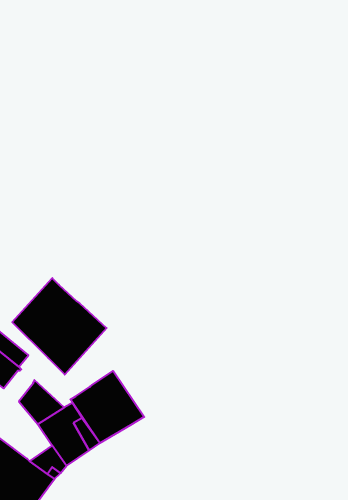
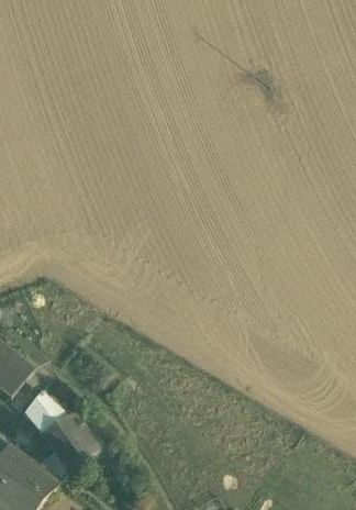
building: [12,278,107,375] -> none
building: [70,371,144,443] -> none

